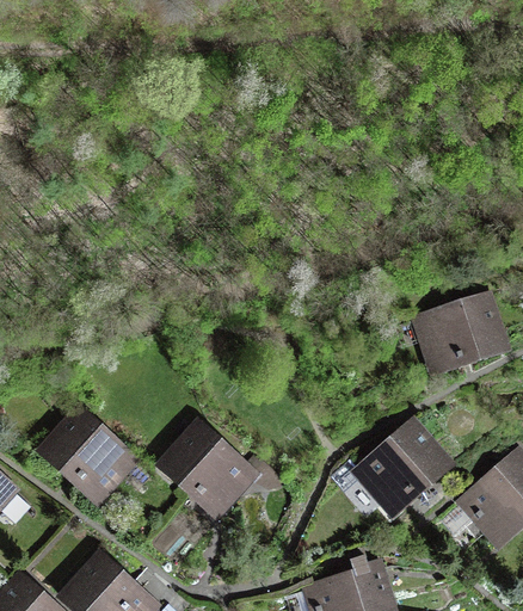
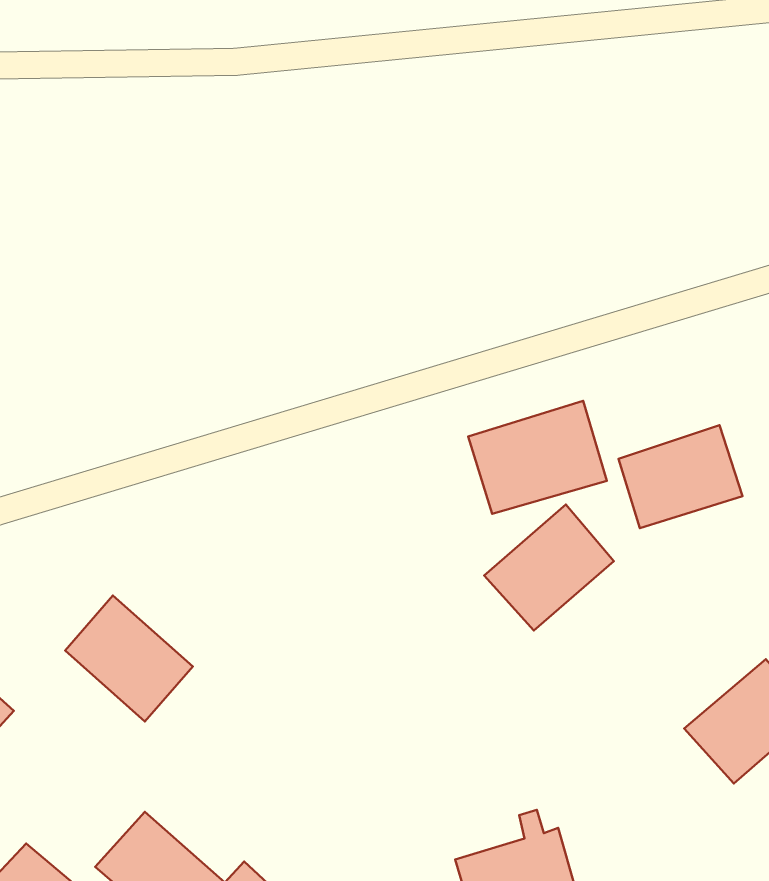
building: none -> [468,401,607,514]
building: [357,424,444,508] -> [484,505,614,630]
building: [164,426,251,512] -> none

